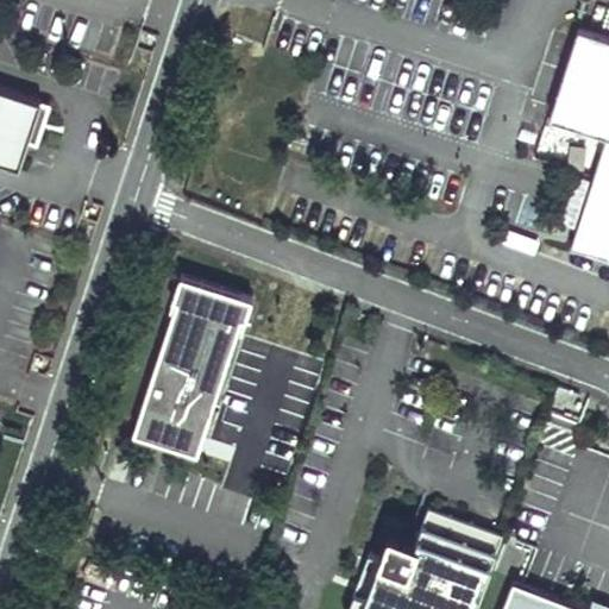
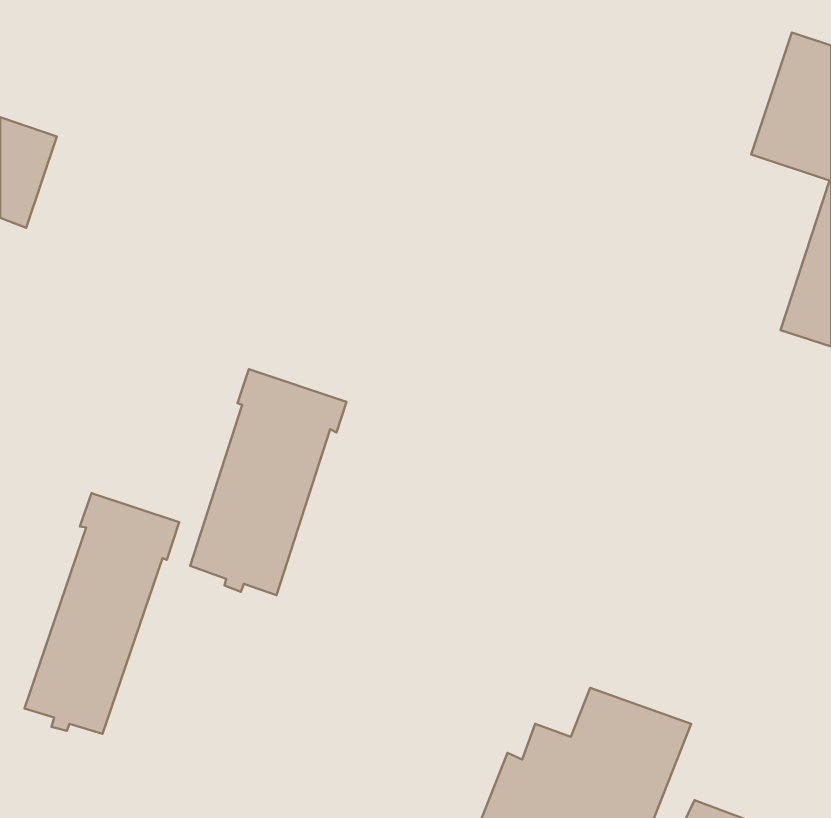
building: none -> [25,493,179,734]

